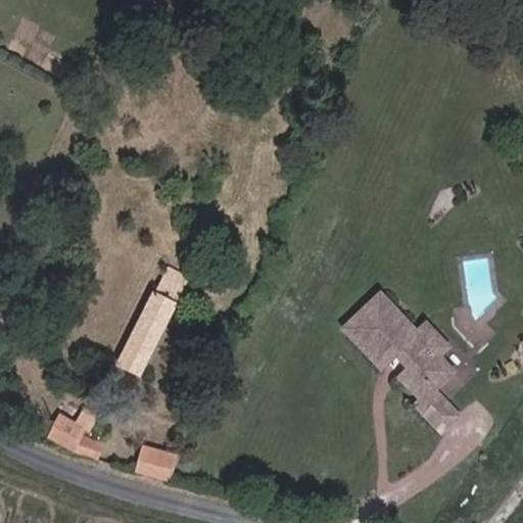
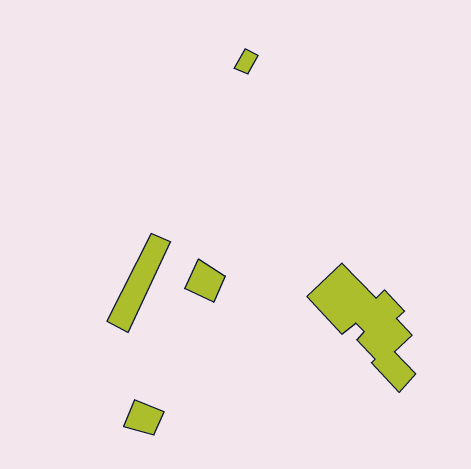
building: none -> [185,259,225,302]
building: [48,409,106,460] -> none

